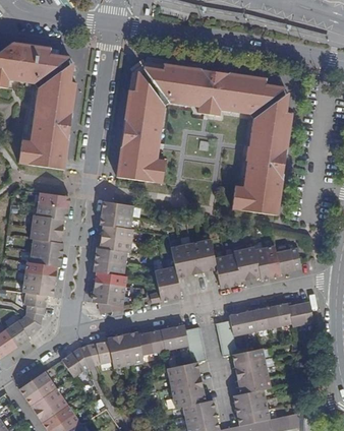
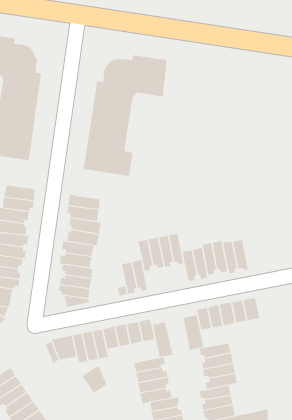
building: [195,69,294,214] -> none
building: [275,248,299,272] -> none
building: [287,301,314,326] -> none
building: [61,350,87,378] -> [81,365,107,394]

